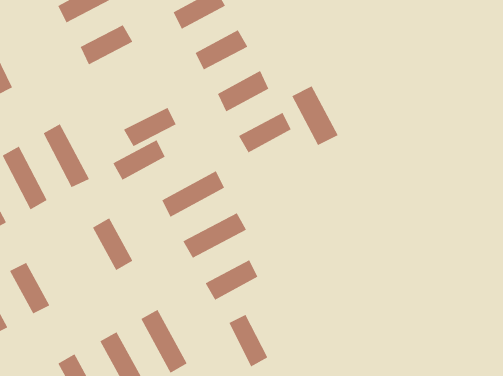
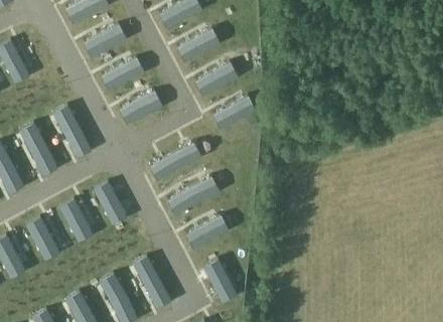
building: [291,85,338,146] -> none
building: [112,140,166,180] -> [101,57,144,91]
building: none -> [60,199,93,243]

